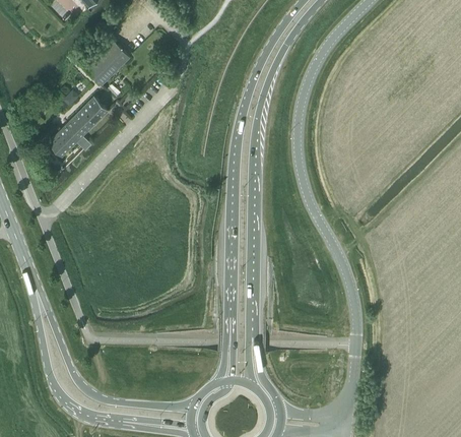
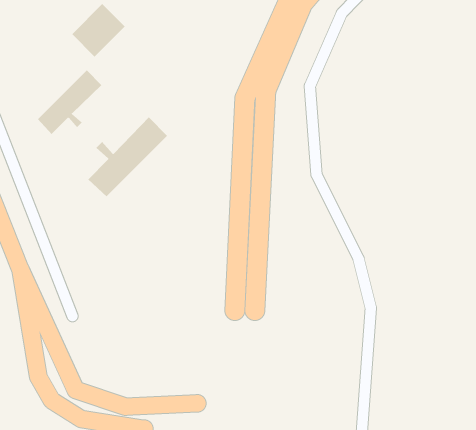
building: none -> [87,117,168,197]

